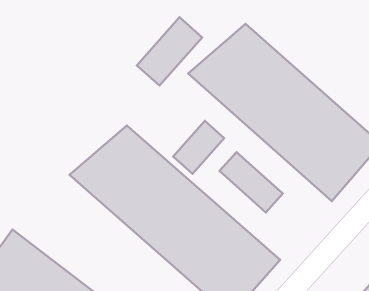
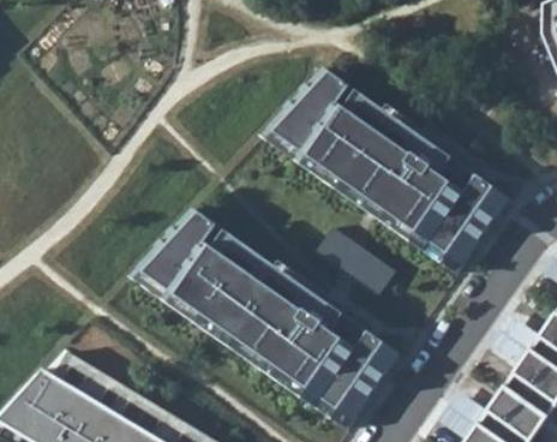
building: [137,17,202,86] -> none
building: [173,121,224,174] -> none

